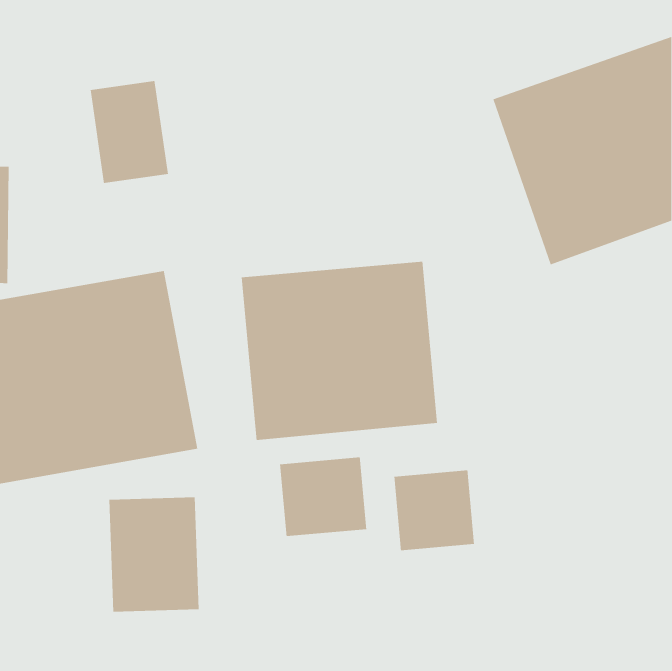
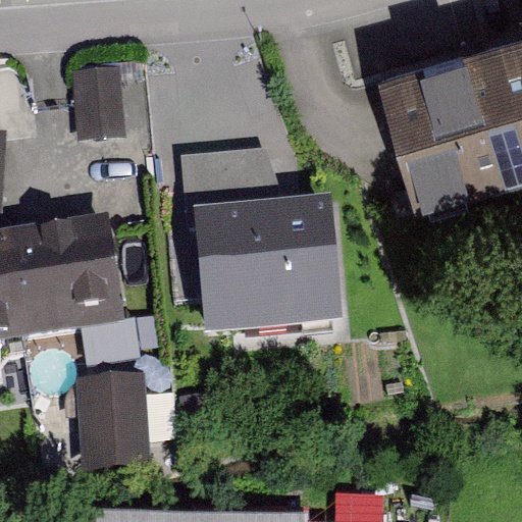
building: [280,456,367,537] -> none
building: [394,470,474,551] -> none

